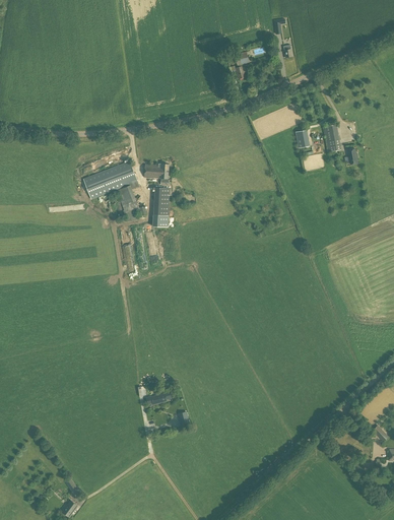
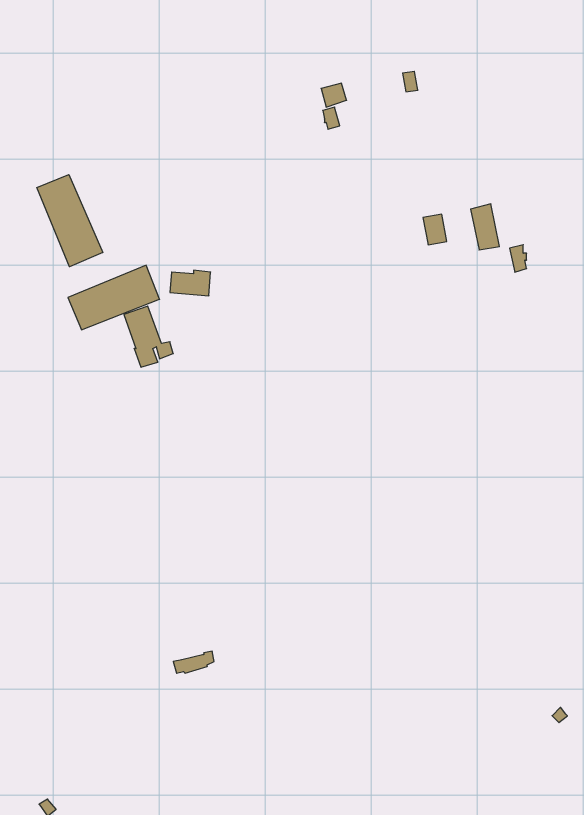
building: none -> [37,175,103,267]
building: [152,187,168,215] -> none

